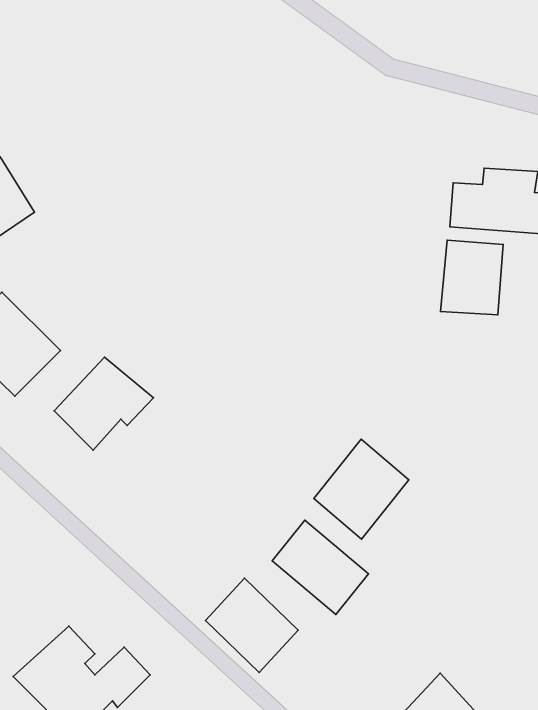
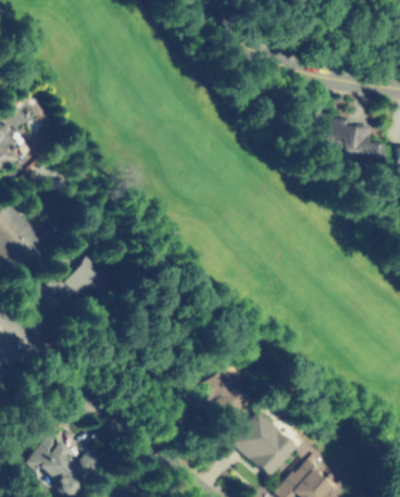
building: [441,240,503,315] -> none
building: [314,439,409,539] -> none
building: [205,578,298,673] -> [236,412,298,475]

